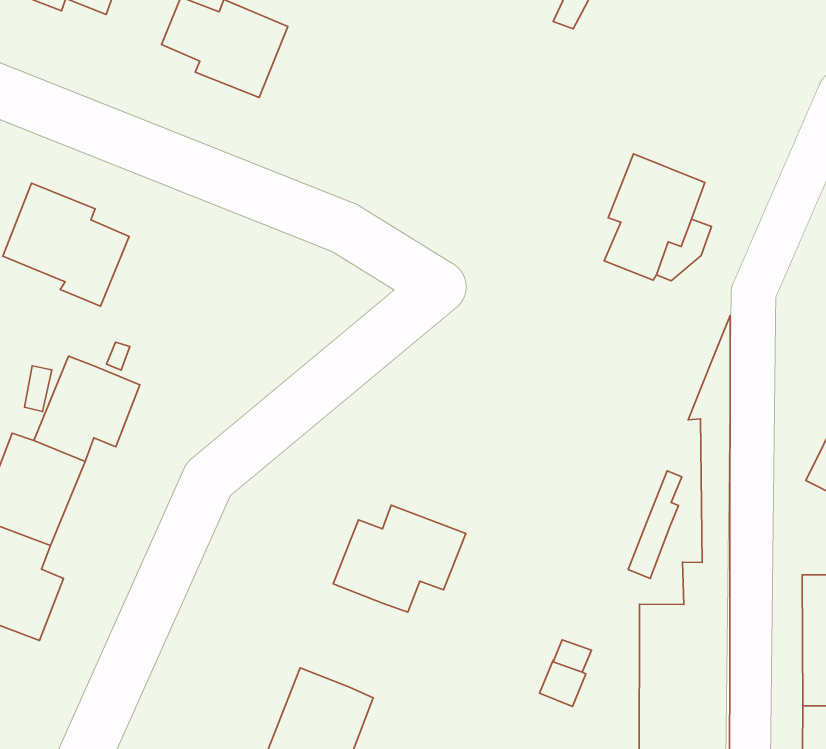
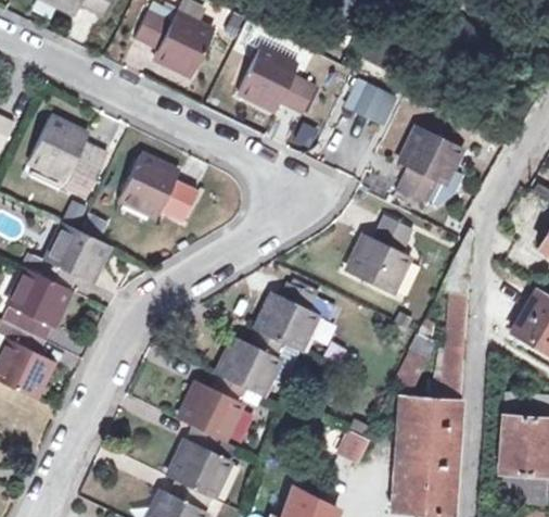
building: none -> [239,48,318,114]
building: none -> [344,78,396,123]
building: none -> [119,154,199,219]
building: none -> [348,215,413,294]
building: none -> [256,283,334,351]
building: none -> [179,376,246,440]

